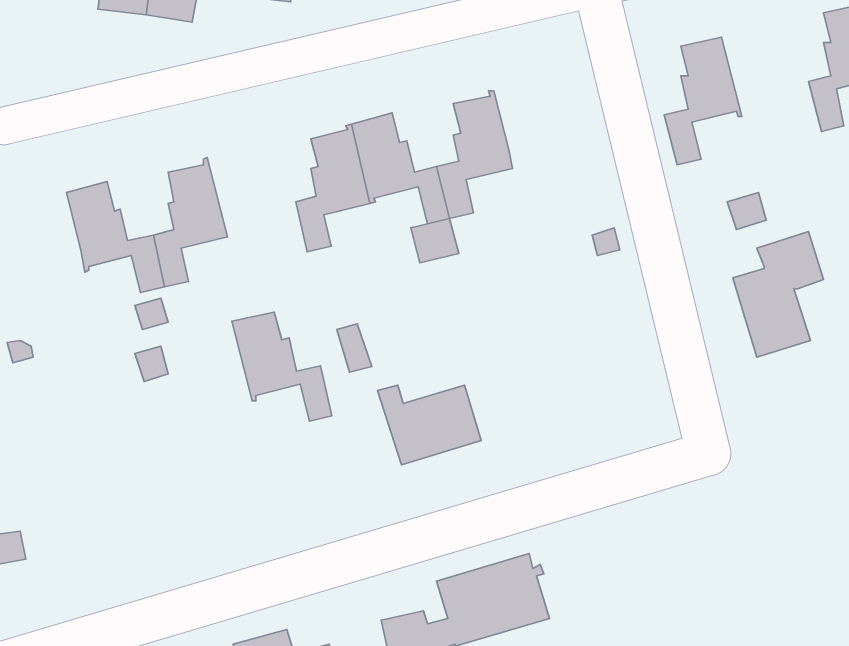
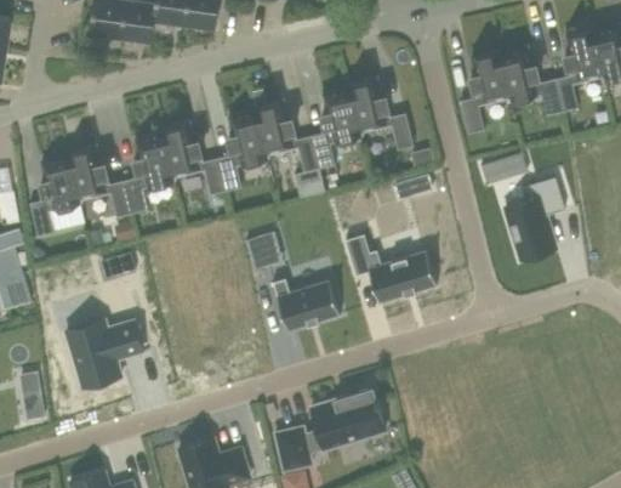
building: none -> [498,47,564,117]
building: none -> [349,79,414,151]
building: none -> [32,153,81,237]
building: [232,312,332,421] -> [161,124,227,195]
building: none -> [346,236,438,303]
building: none -> [67,322,143,388]

